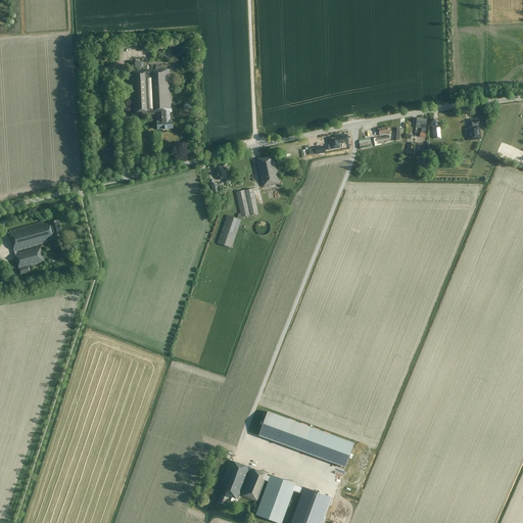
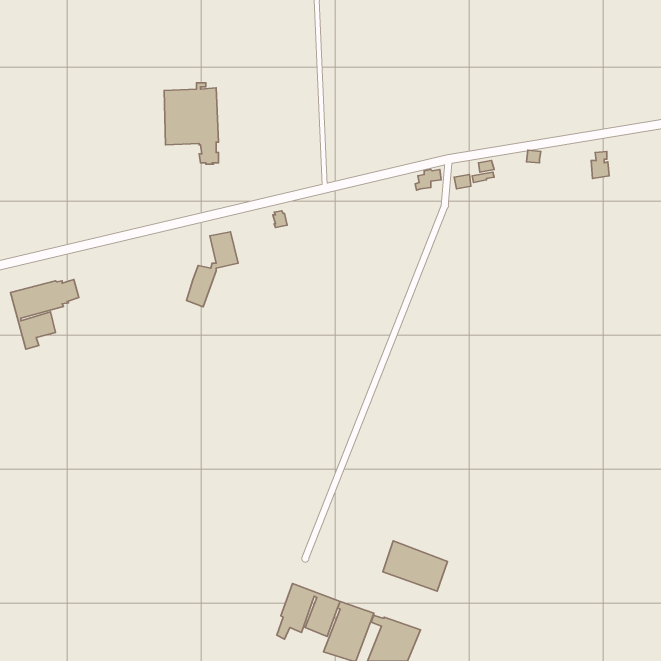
building: [255,155,280,187] -> none
building: [218,189,258,248] -> [186,232,238,307]
building: [258,412,311,451] -> none

